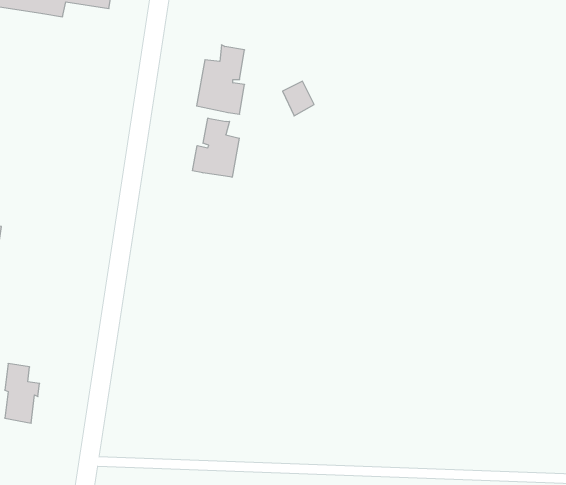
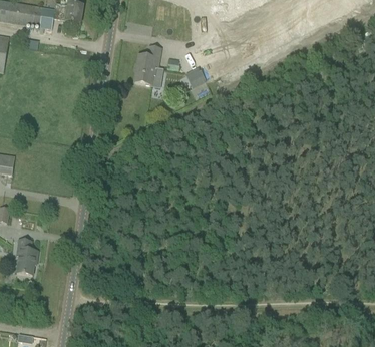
building: [193,118,239,177] -> none

